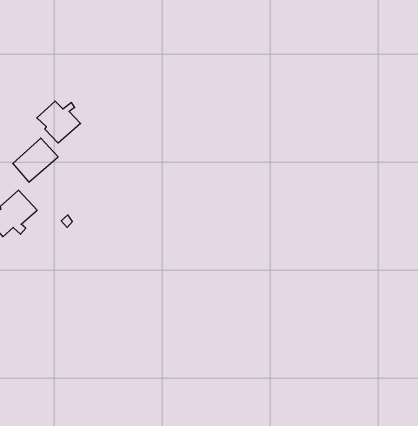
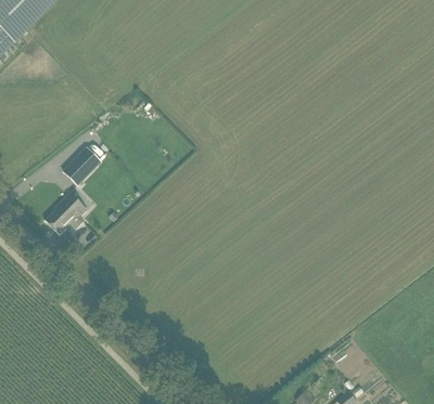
building: [37,101,81,143] -> none

